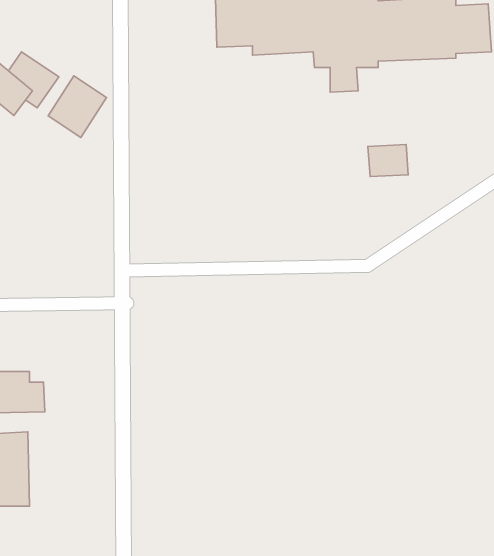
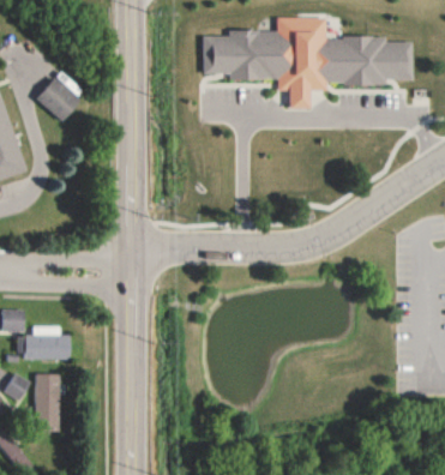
building: [48,76,106,137] -> none
building: [368,145,408,177] -> none

